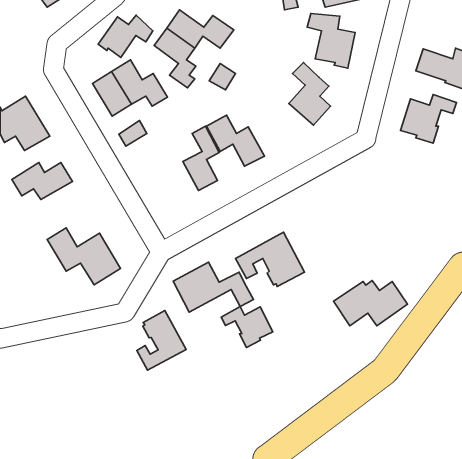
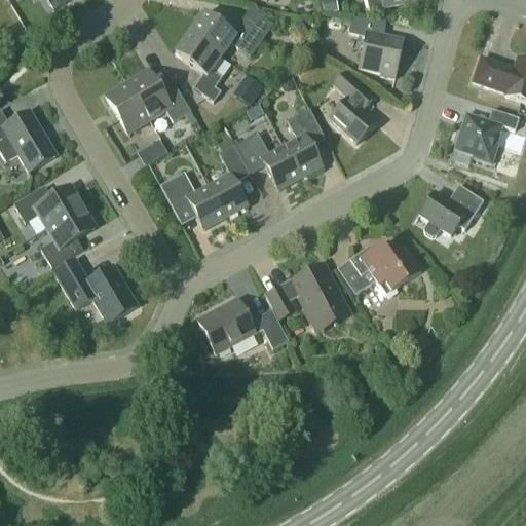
building: [98,15,153,58] -> none
building: none -> [283,106,326,177]
building: none -> [160,170,226,228]
building: none -> [419,183,484,235]
building: none -> [41,205,96,266]
building: [333,280,408,326] -> [337,242,421,294]
building: [221,307,273,347] -> none
building: [137,310,186,370] -> none

